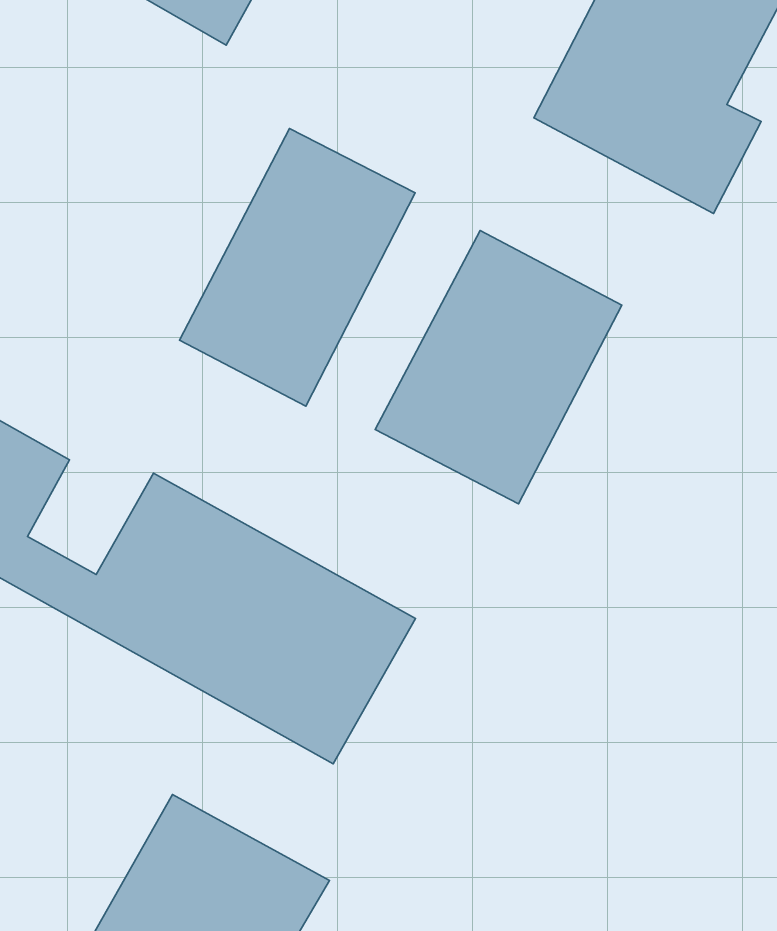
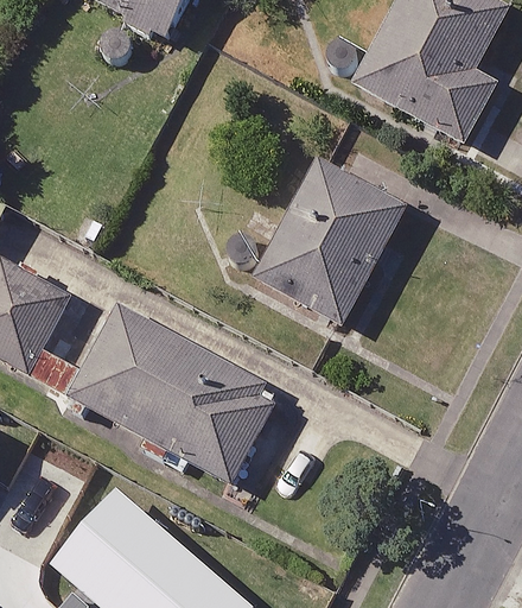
building: [179,129,415,406] -> none

